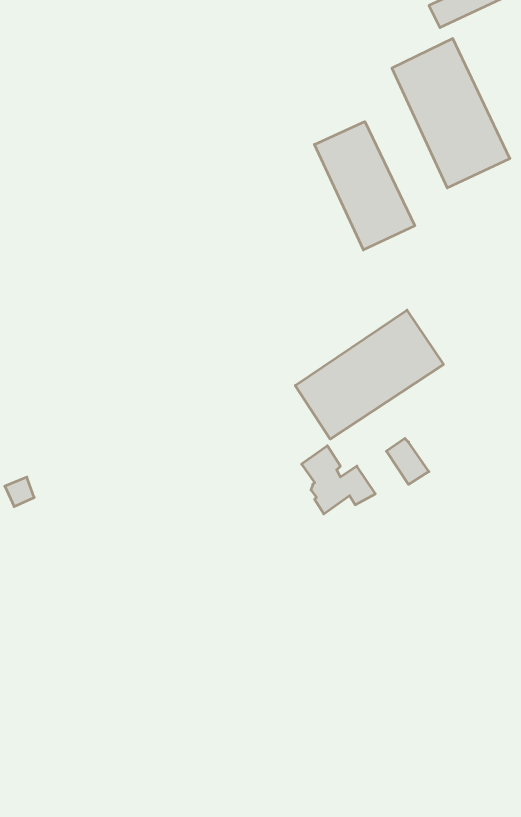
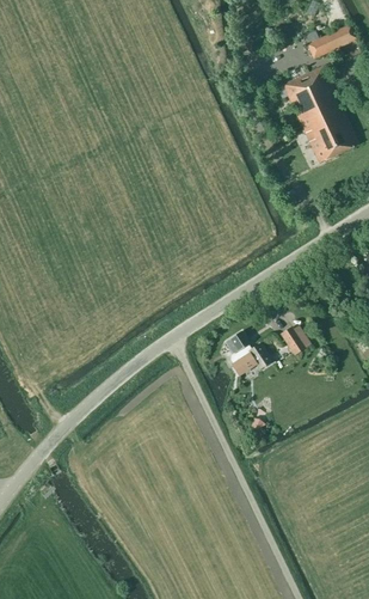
building: [314,122,415,250] -> none
building: [295,310,443,439] -> none

